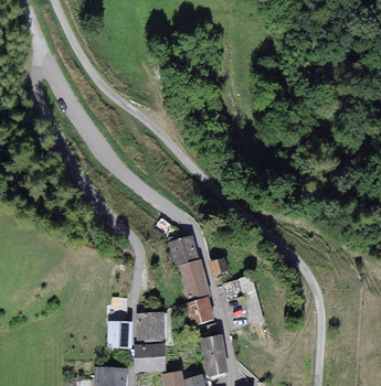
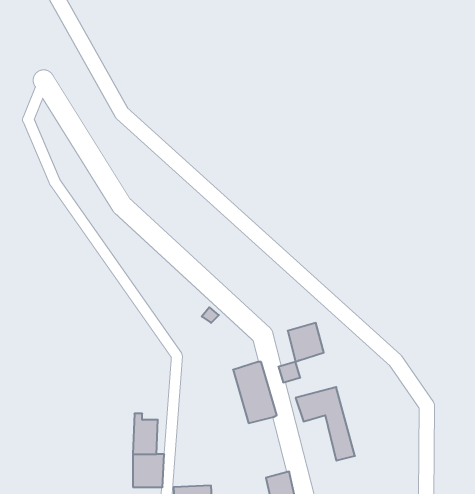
building: [170,237,195,265] -> [288,323,324,362]
building: [181,297,212,324] -> none
building: [138,314,163,340] -> none

